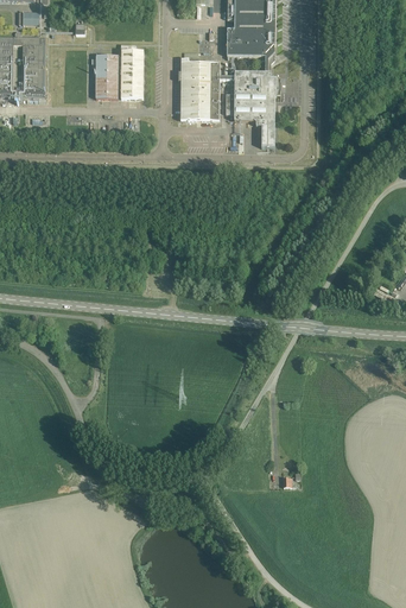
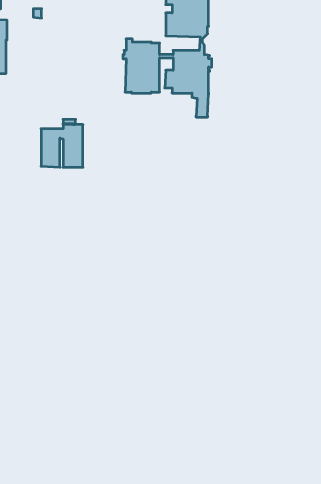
building: [95,44,142,99] -> [41,119,83,167]

